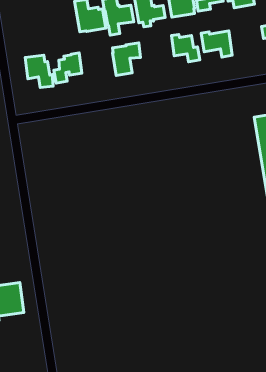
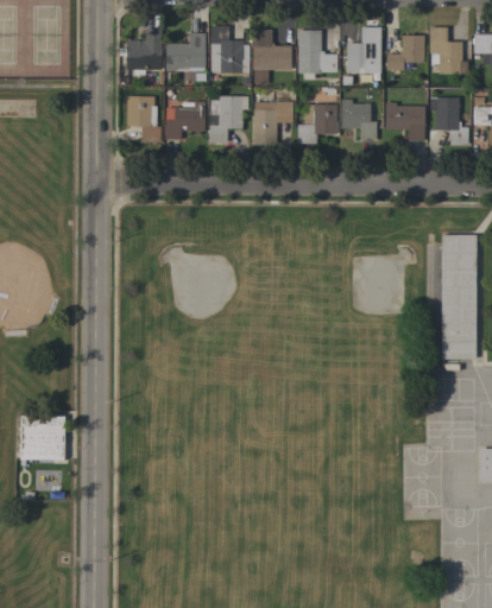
building: none -> [166,32,206,70]
building: none -> [127,28,162,70]
building: none -> [430,97,468,144]
building: none -> [297,104,338,142]
building: none -> [209,96,248,142]

